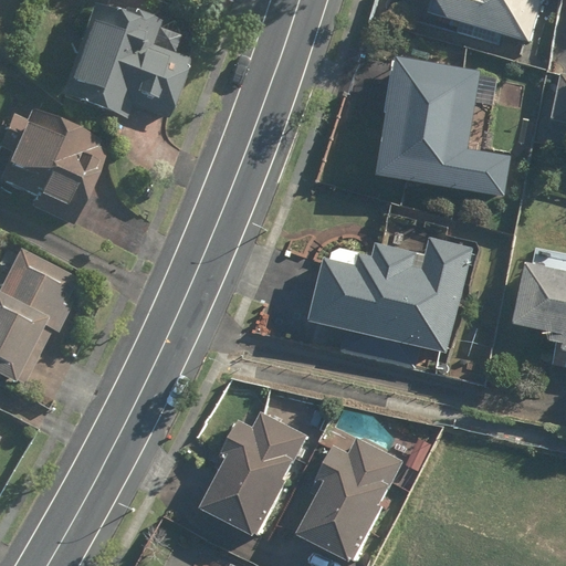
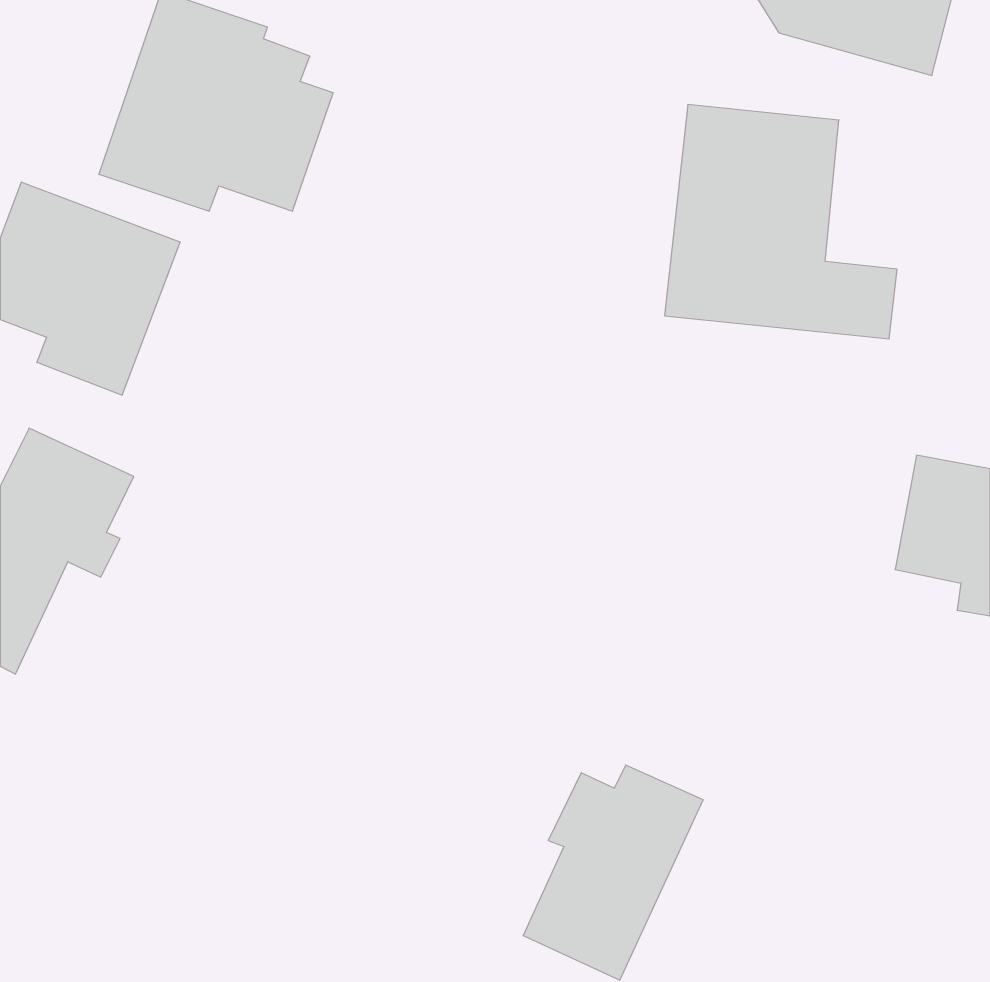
building: [306,235,473,366] -> none
building: [201,413,304,537] -> none

